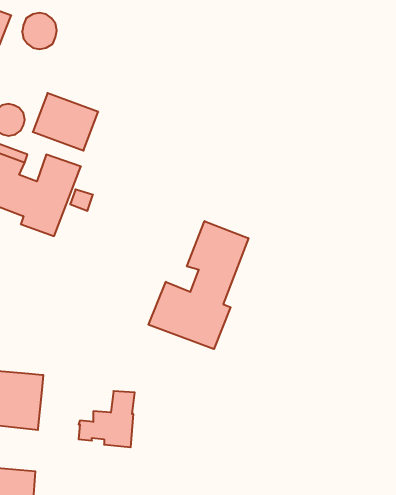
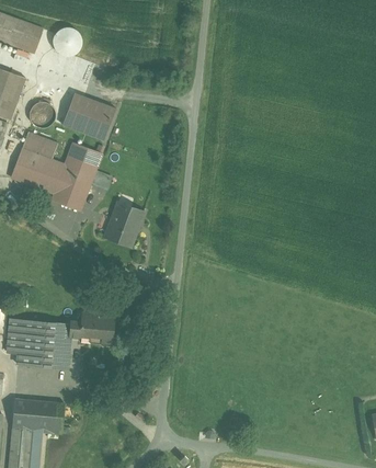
building: [148,221,248,349] -> none
building: none -> [104,203,143,247]
building: [79,391,135,447] -> [69,297,115,343]

